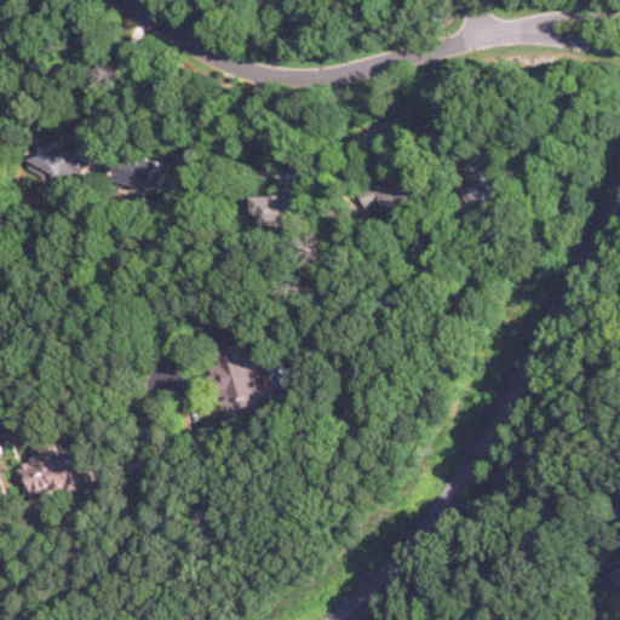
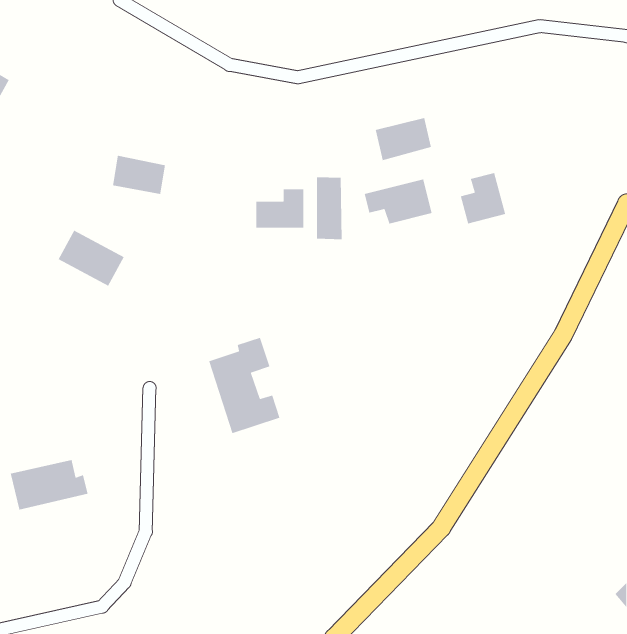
building: none -> [375,117,432,161]
building: [19,136,85,191] -> [57,229,125,287]
building: none -> [316,177,342,240]

